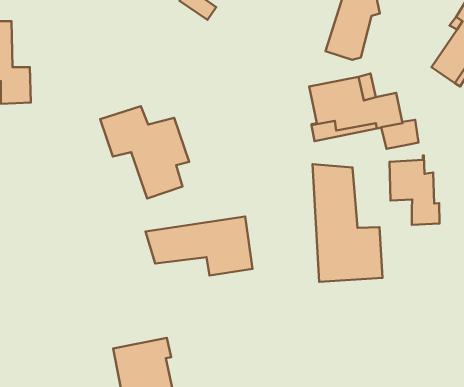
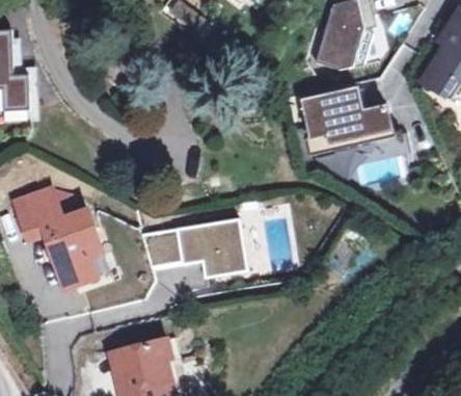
building: [100,106,189,198] -> [13,197,100,287]
building: [390,155,439,225] -> none
building: [313,164,382,282] -> none

